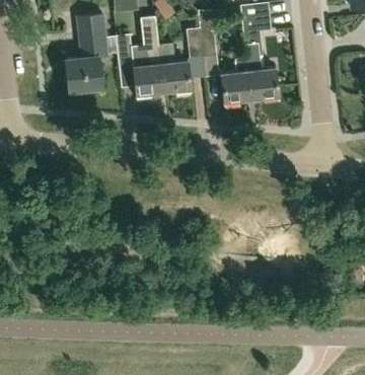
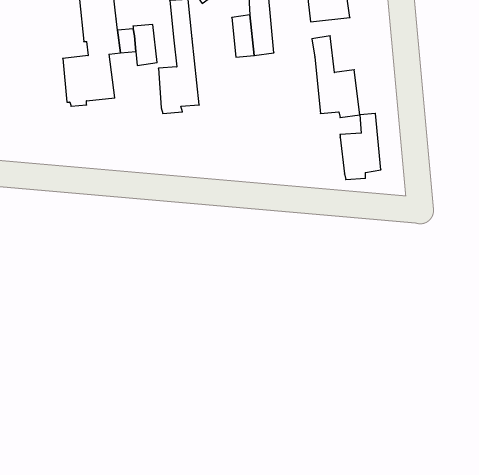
building: [158,45,191,95] -> none
building: [221,59,250,106] -> [340,113,381,180]

